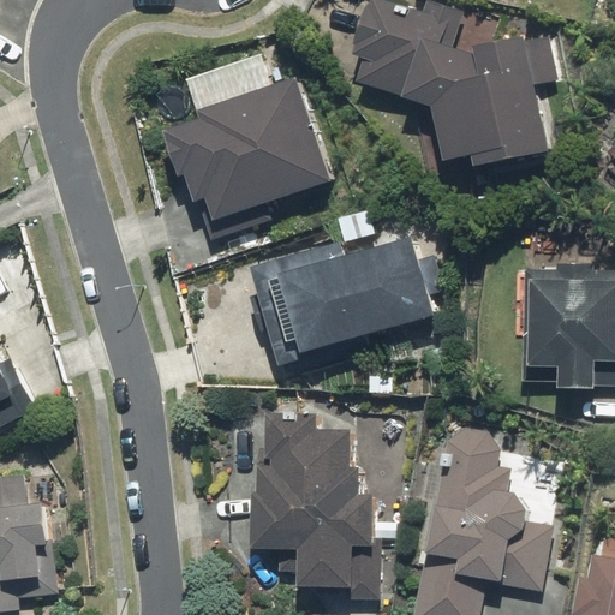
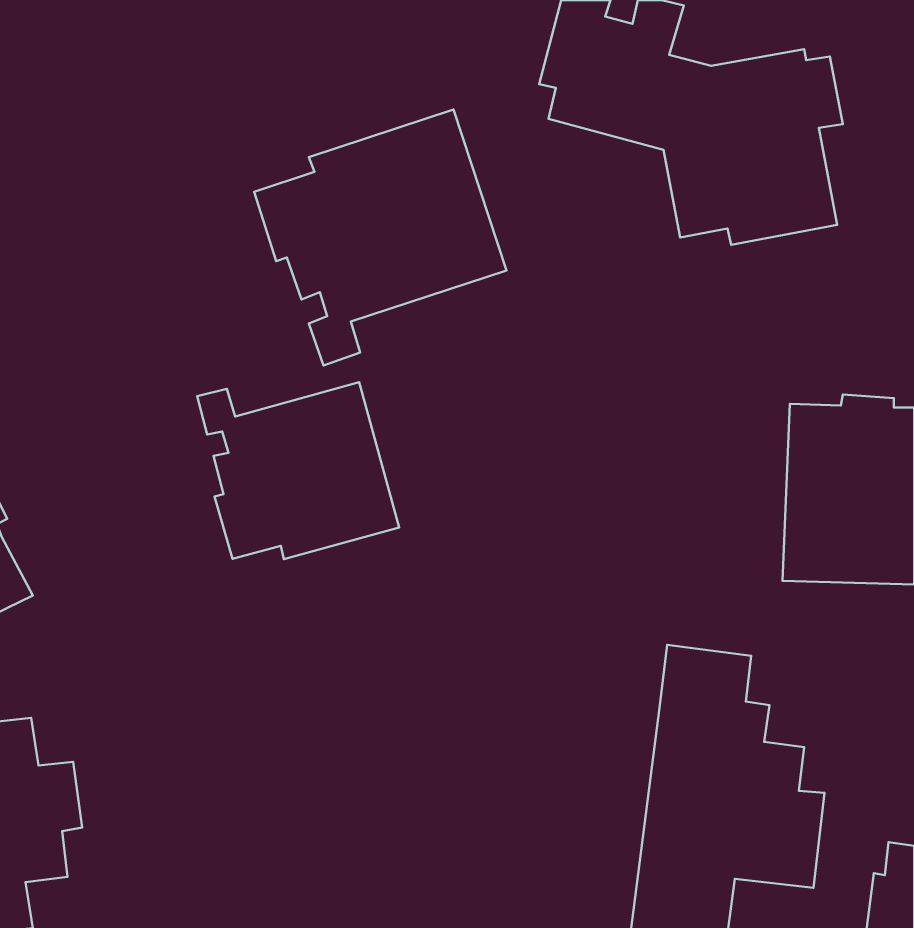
building: [258,237,437,364] -> none
building: none -> [197,382,399,559]
building: [253,411,377,604] -> none

